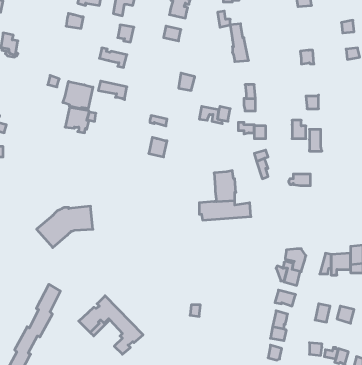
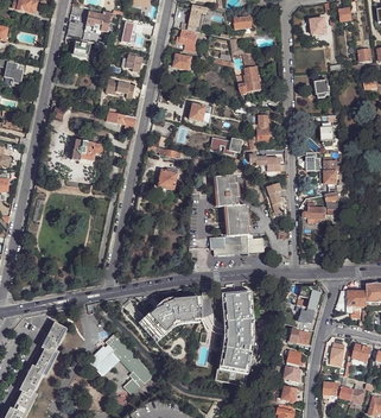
building: [63,81,93,109] -> none
building: none -> [215,175,239,207]
building: [37,206,93,248] -> [136,298,195,341]
building: none -> [215,293,242,368]

